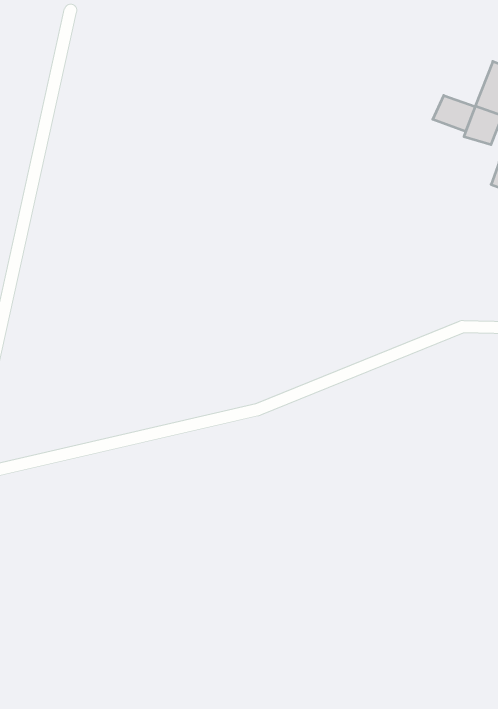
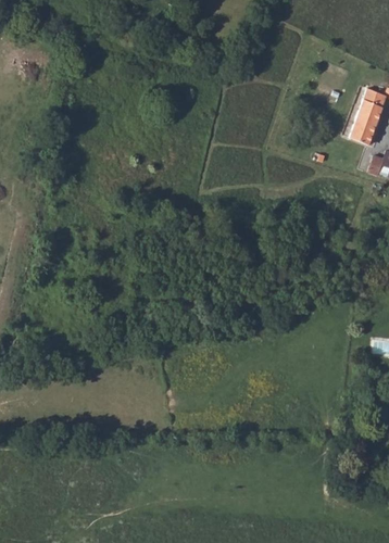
building: [433,95,475,131] -> none

